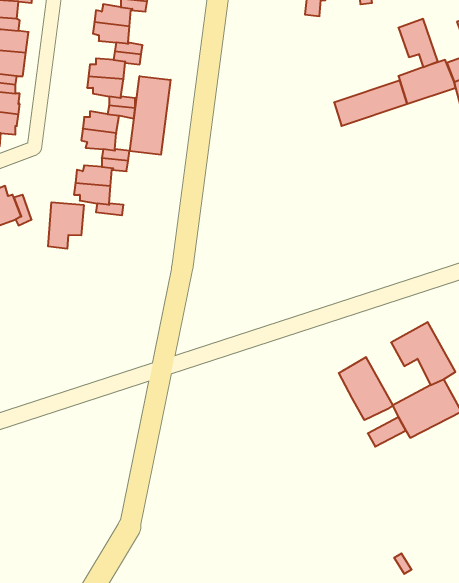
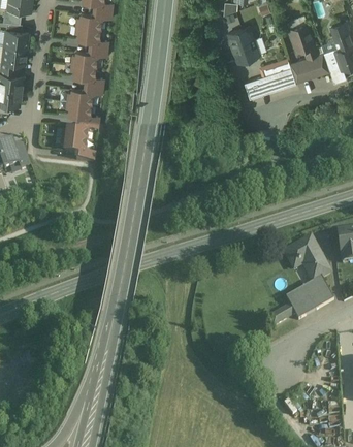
building: none -> [228,26,259,62]
building: [130,76,171,155] -> none
building: [48,202,84,249] -> none
building: [339,357,393,420] -> none

